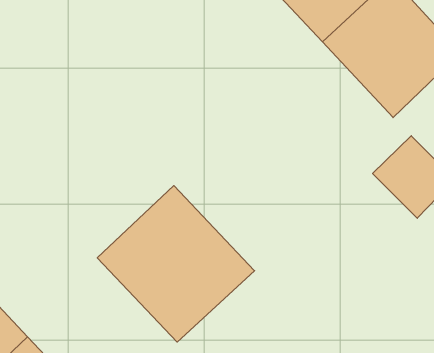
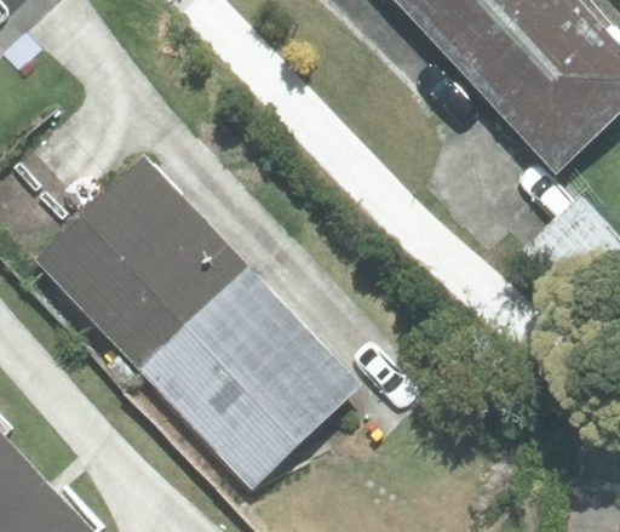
building: none -> [36,158,247,367]

